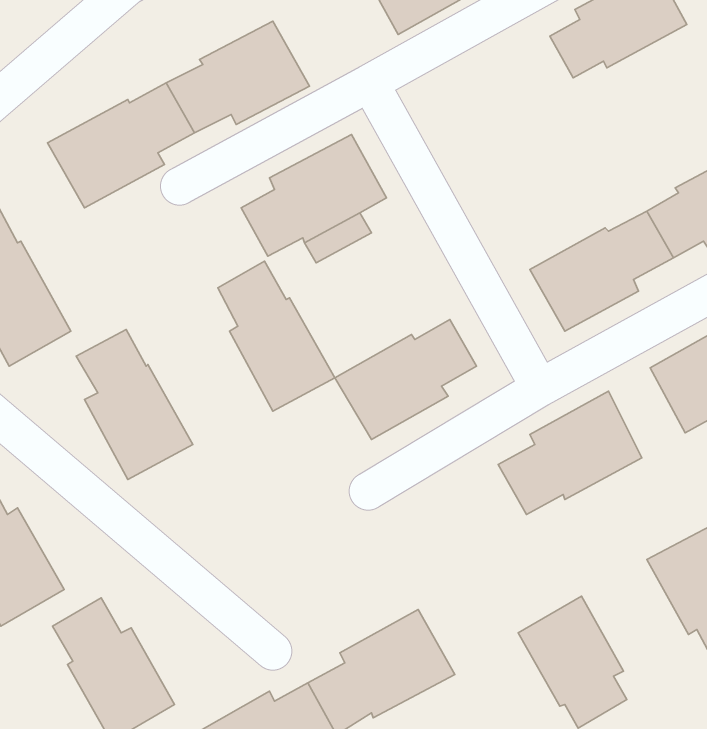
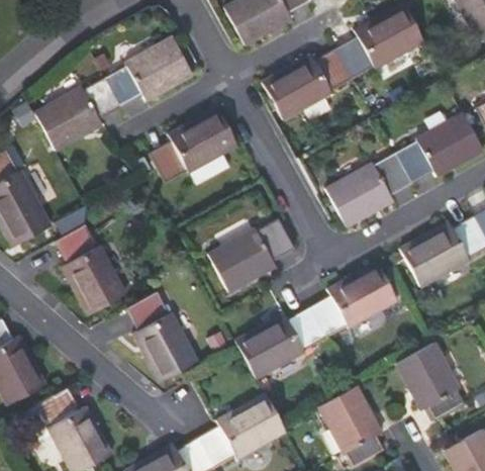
building: none -> [266,46,354,114]
building: [218,261,335,411] -> [125,292,196,383]
building: none -> [232,306,325,380]

